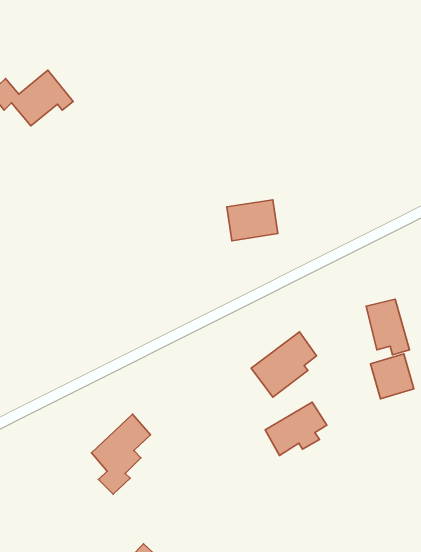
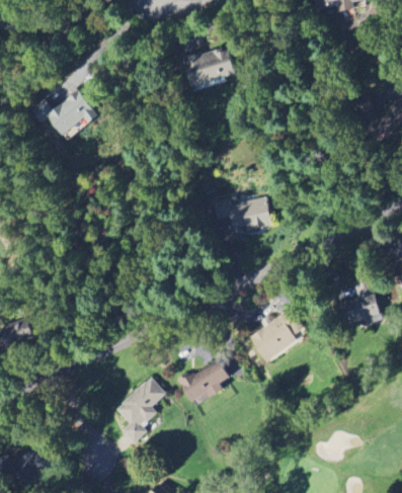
building: none -> [183,46,236,90]
building: [371,354,414,399] -> none
building: [265,402,327,455] -> [177,357,229,402]

